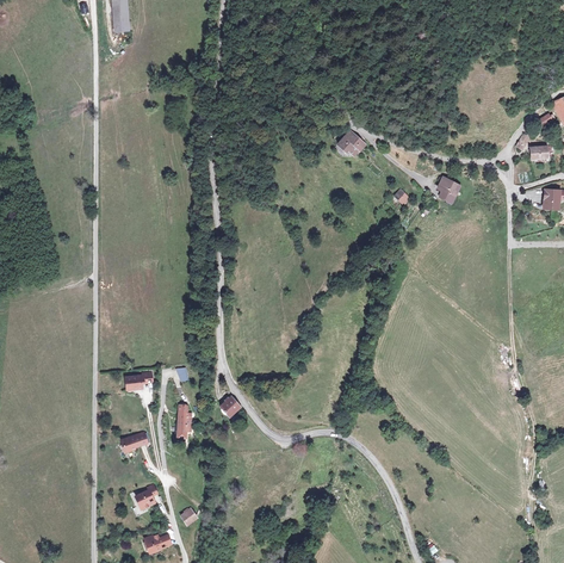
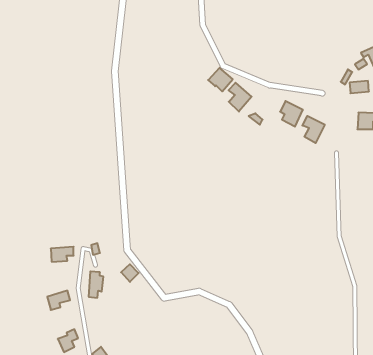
building: none -> [229,83,252,112]
building: none -> [302,116,325,143]

